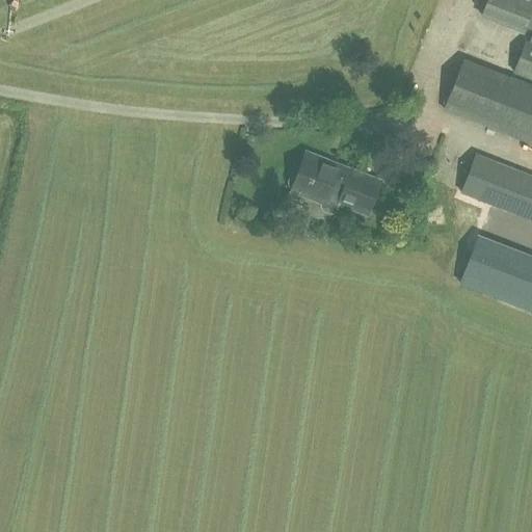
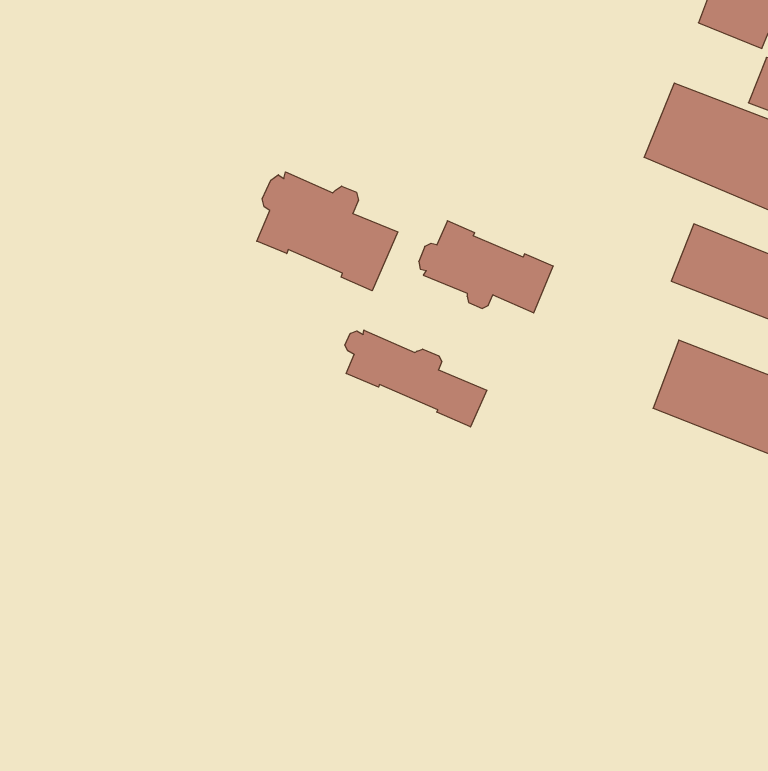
building: none -> [257,172,398,291]
building: none -> [345,330,487,427]

